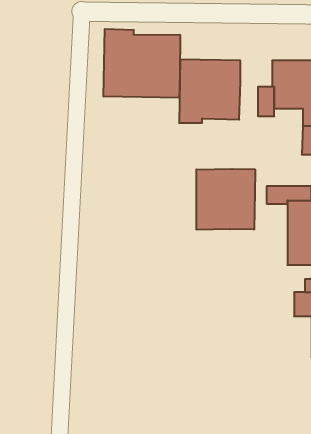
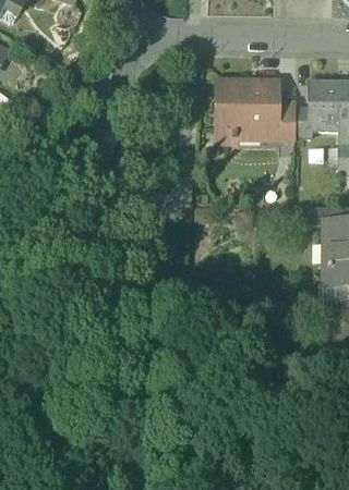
building: [104,29,180,98] -> none
building: none -> [276,102,296,139]
building: [196,169,255,230] -> none

